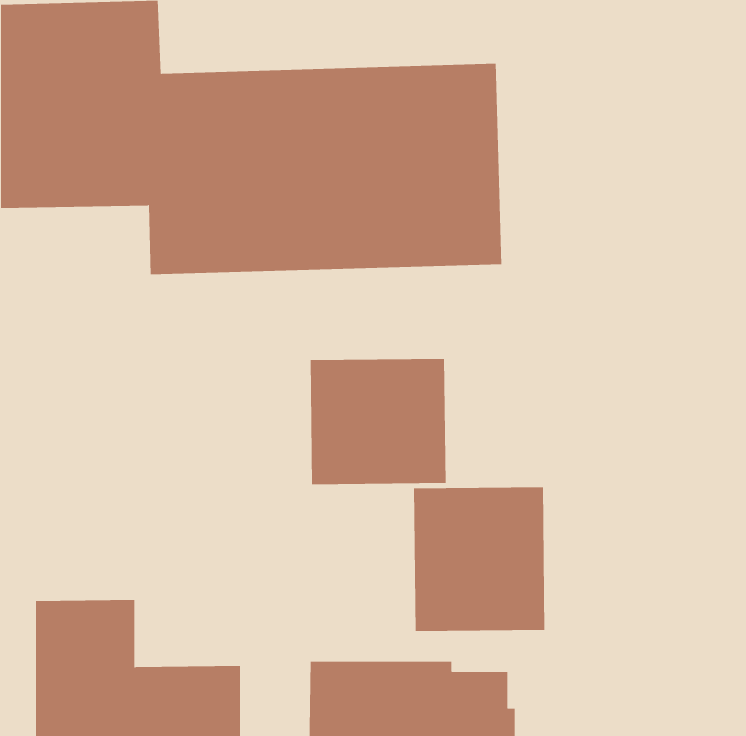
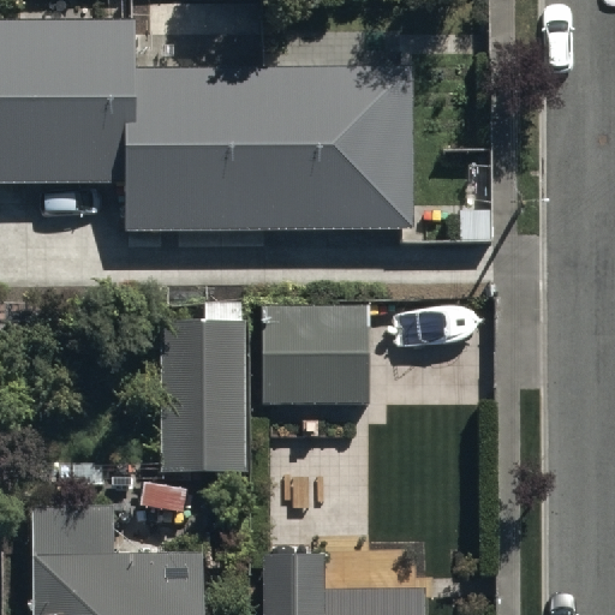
building: none -> [159,320,249,476]
building: [414,486,545,632] -> none

